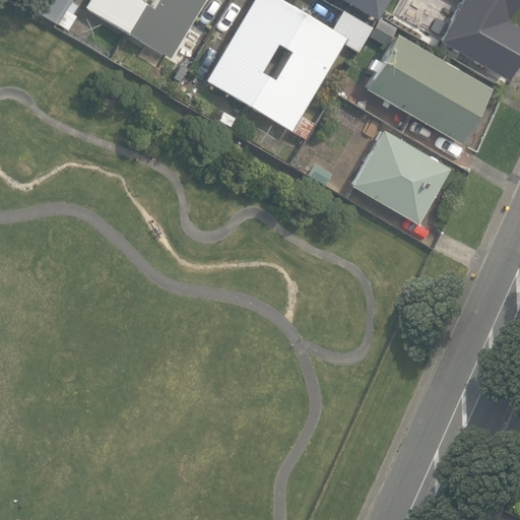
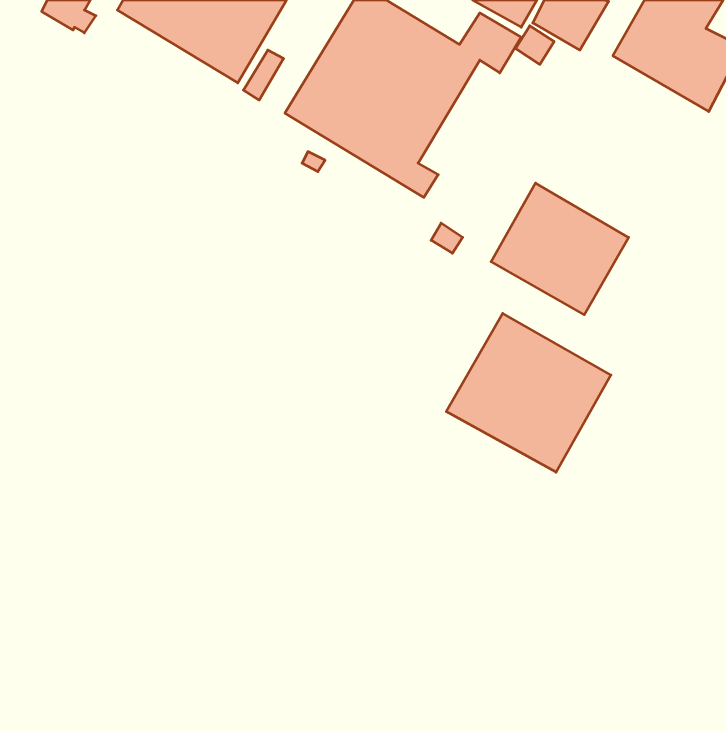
building: [366,34,491,143] -> none
building: none -> [446,313,611,472]

